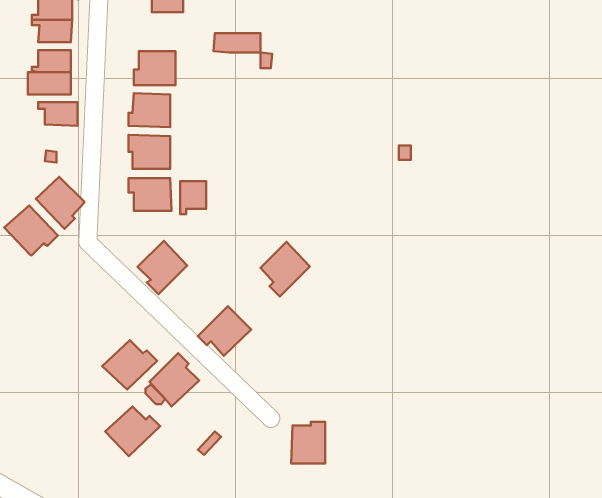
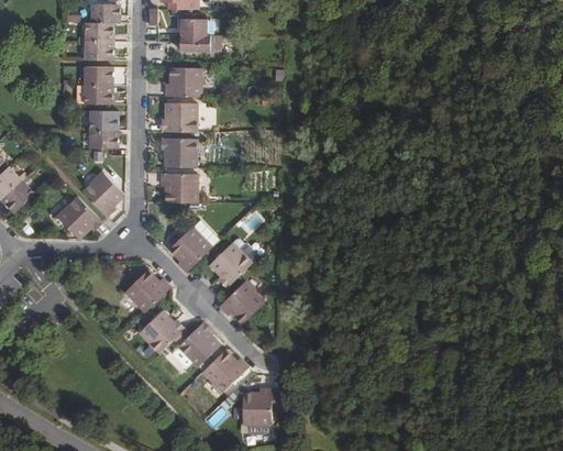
building: [213,33,260,53] -> [179,34,219,51]
building: none -> [84,129,118,147]
building: [180,181,206,214] -> none
building: [260,242,310,297] -> [209,242,251,288]
building: none -> [124,270,169,312]
building: [105,407,160,456] -> [201,350,247,392]
building: [291,422,325,463] -> [242,388,271,424]

